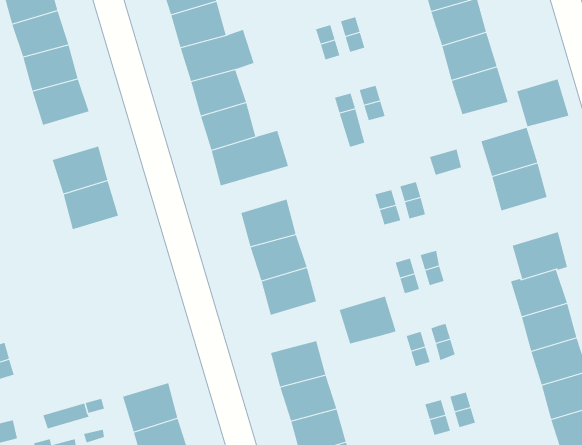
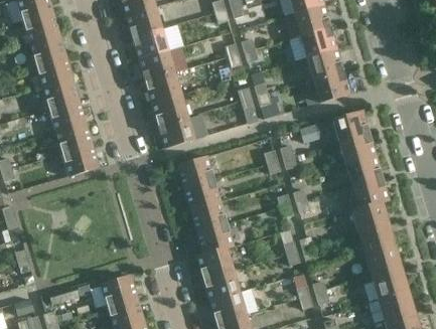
building: [517,78,569,127] -> none
building: none -> [49,101,86,132]
building: none -> [345,156,383,187]
building: [339,296,396,344] -> [196,223,234,255]

